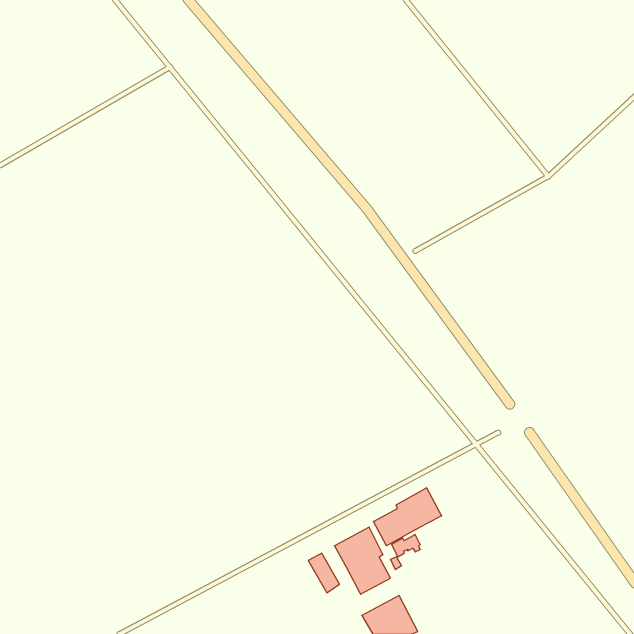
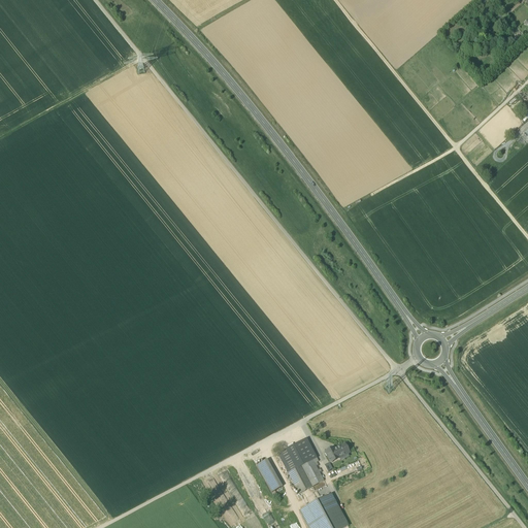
building: [373,488,442,546] -> none

